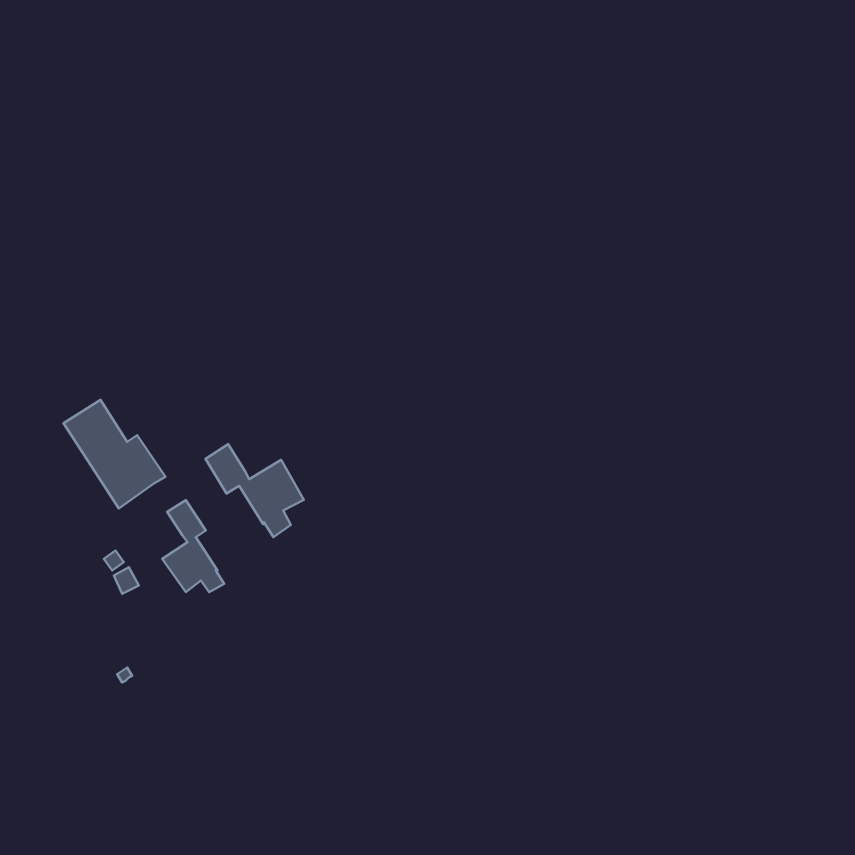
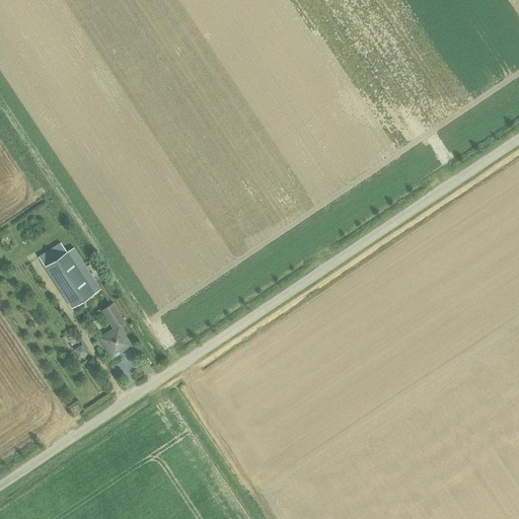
building: [205,444,304,537] -> none

